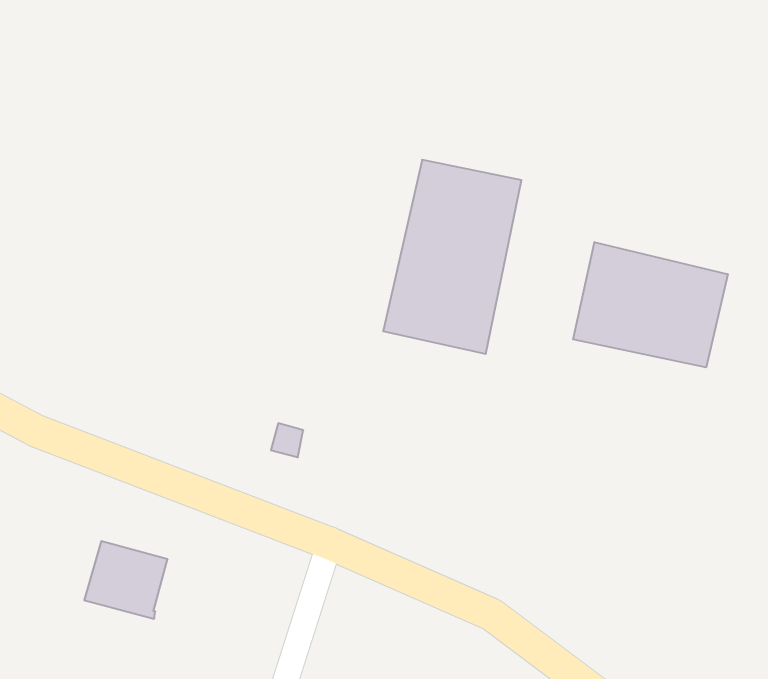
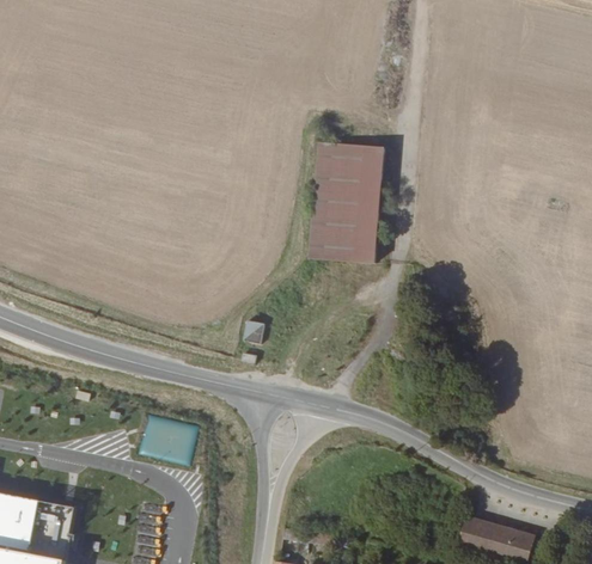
building: [573,242,728,367] -> none

